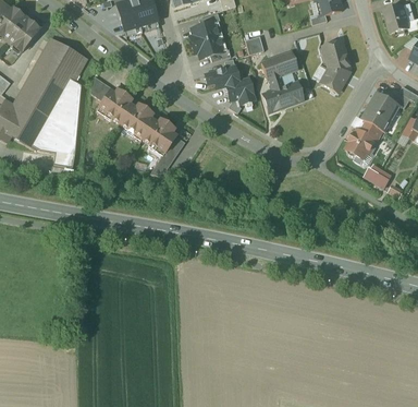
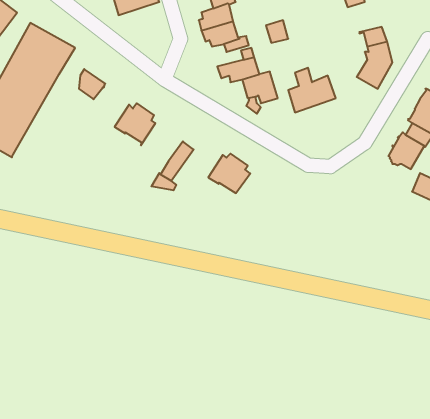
building: [261,50,298,79] -> none
building: [36,80,81,166] -> none
building: [98,89,132,123] -> none
building: [142,119,176,152] -> [208,154,250,193]

